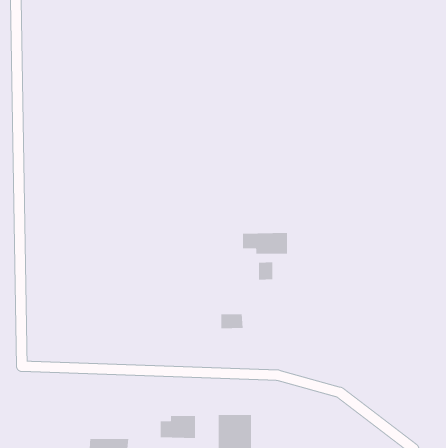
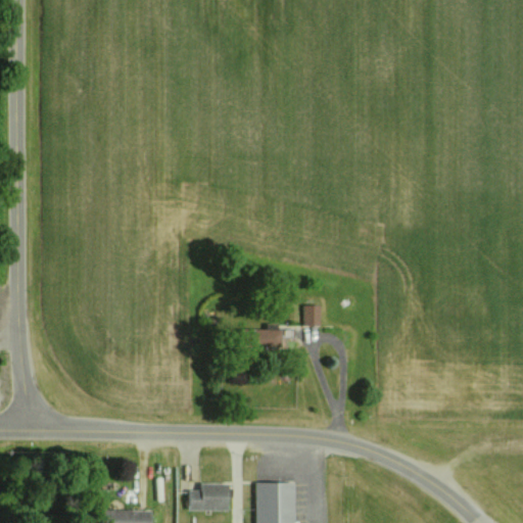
building: [242,232,288,254] -> none
building: [221,314,243,329] -> [256,330,283,347]

